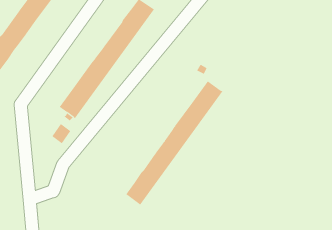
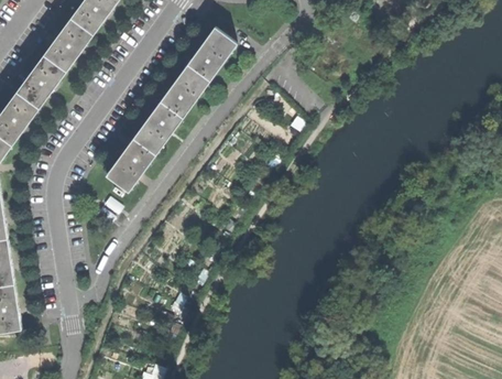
building: [125,80,223,205] -> none

